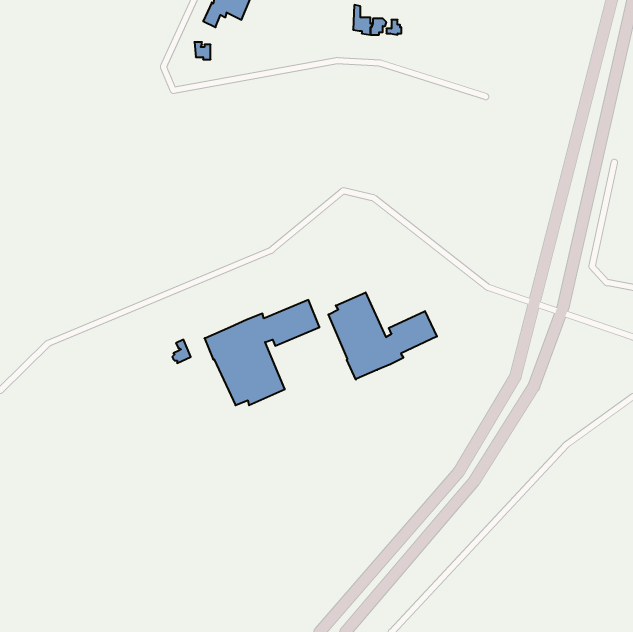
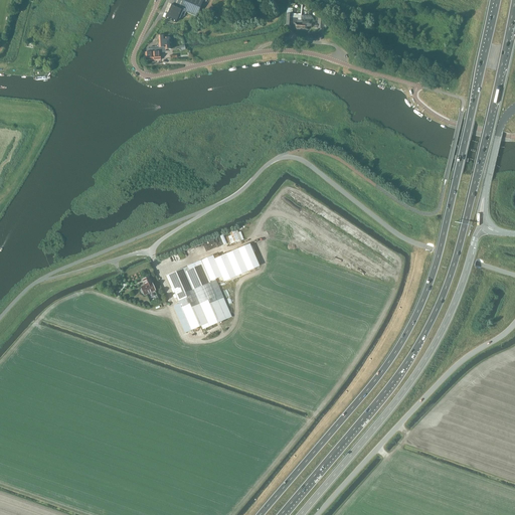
building: [328,292,437,380] -> none

